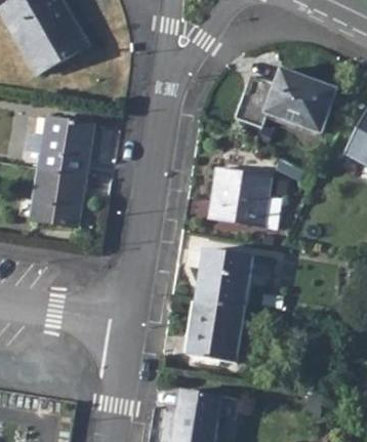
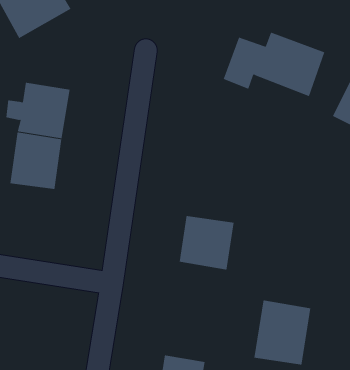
building: [208,166,272,226] -> none
building: [187,297,244,362] -> [254,300,311,365]

